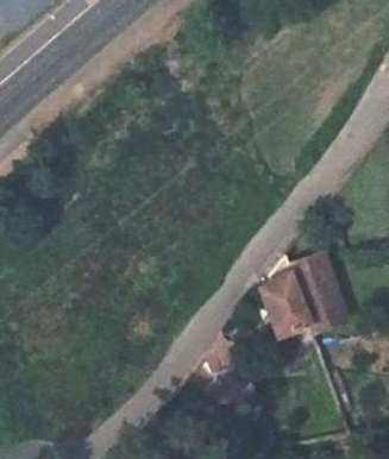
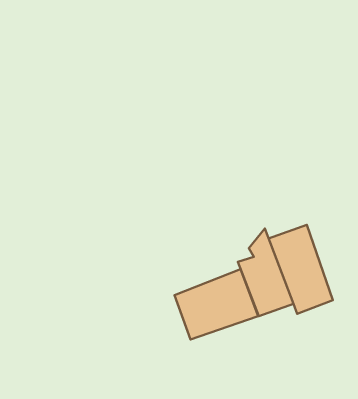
building: none -> [174,269,258,340]

